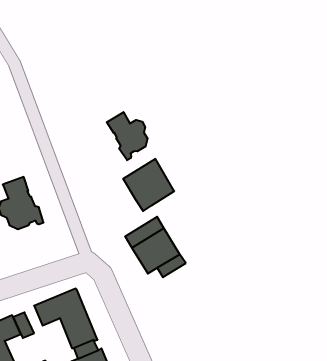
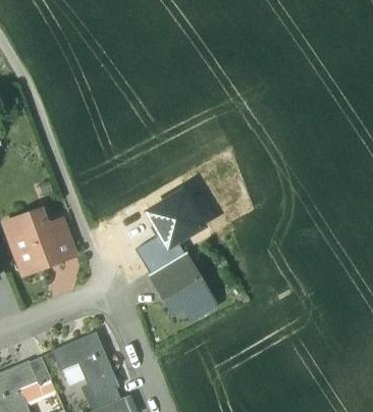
building: [107,112,148,160] -> none
building: none -> [44,221,73,261]
building: none -> [135,237,183,276]

